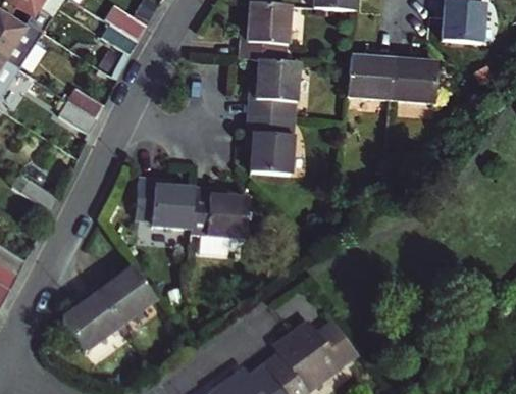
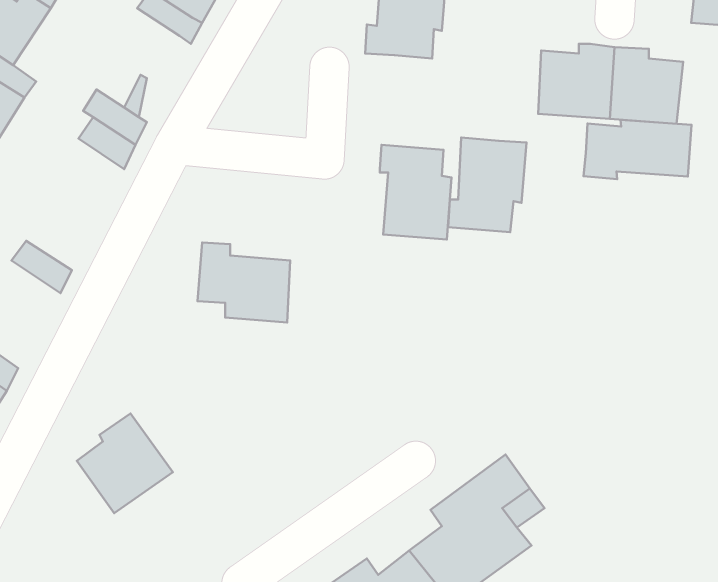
building: [251,60,300,119] -> [448,138,527,232]
building: none -> [583,120,692,179]
building: [192,189,248,255] -> none
building: [94,263,155,322] -> none

